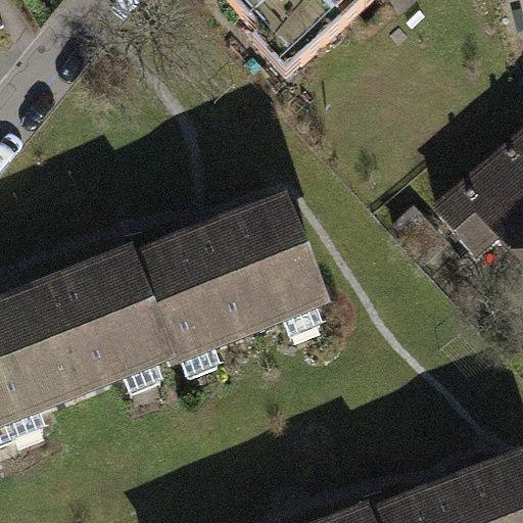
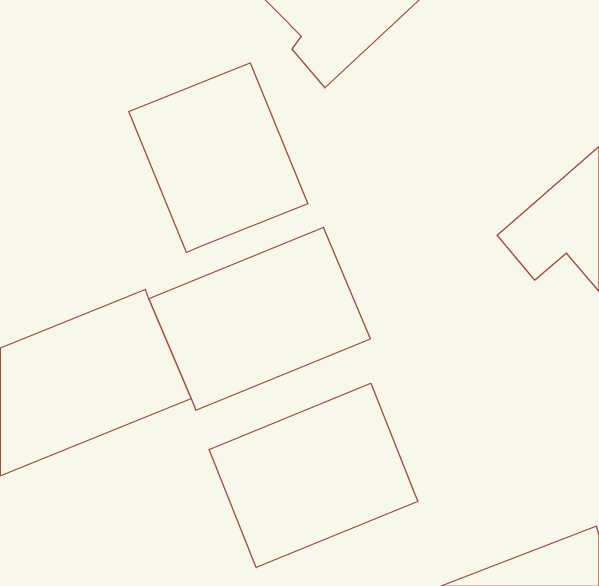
building: none -> [129,63,308,252]
building: none -> [209,383,418,568]

